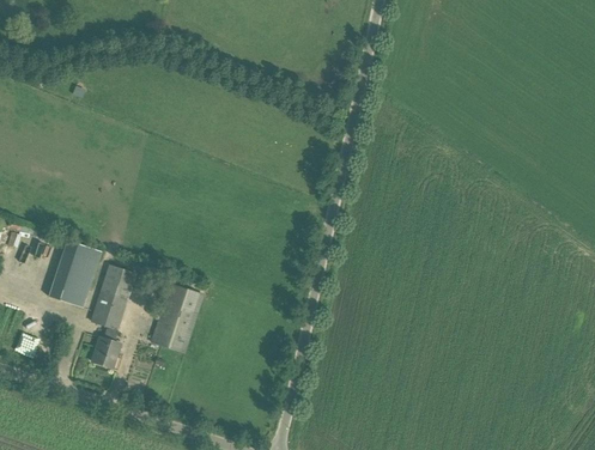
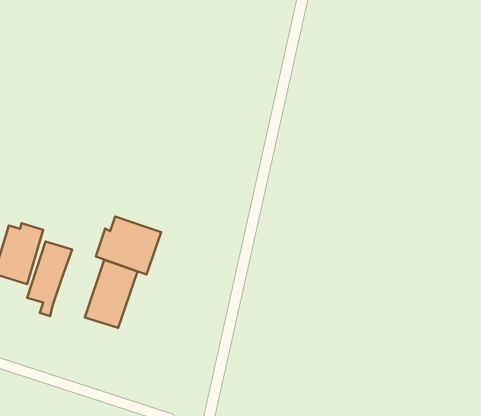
building: none -> [96,217,161,275]
building: [90,336,120,369] -> none

